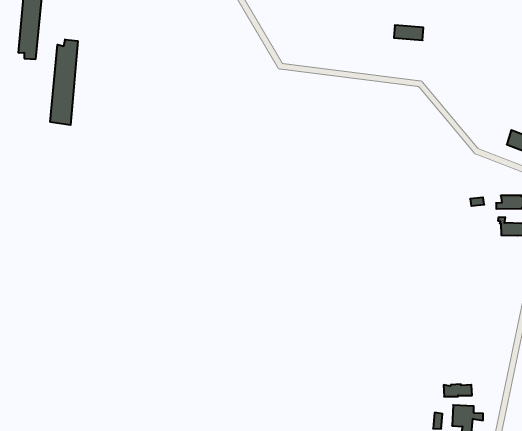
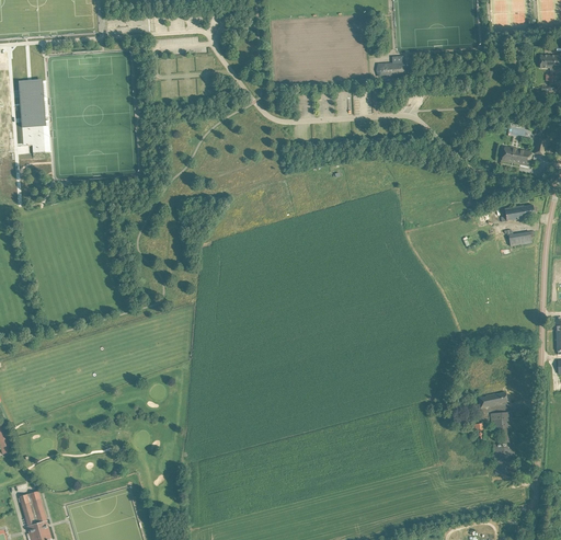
building: [50,39,78,125] -> none

